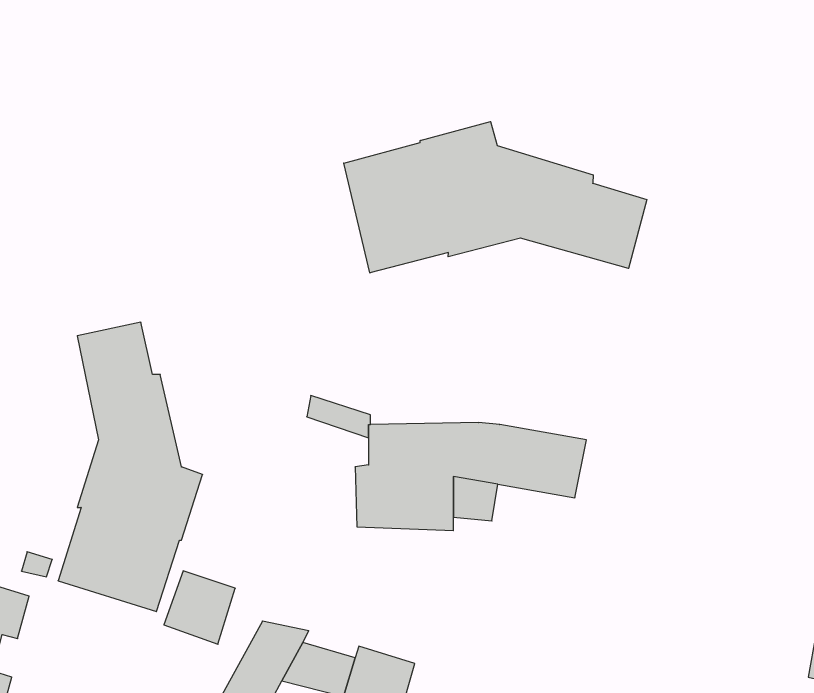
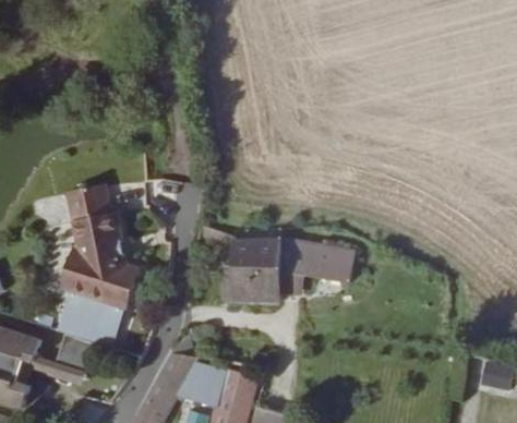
building: [344,122,647,273] -> none
building: [164,571,235,644] -> [52,333,93,374]

